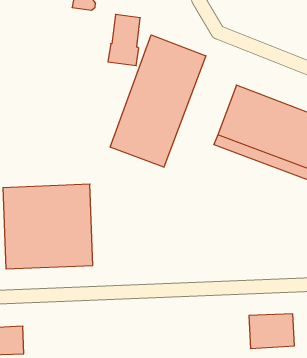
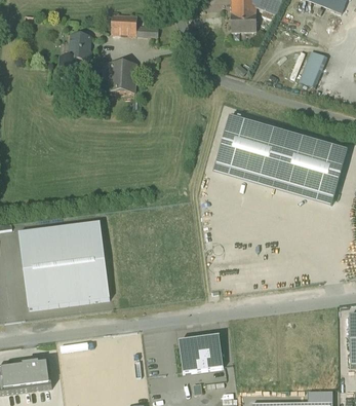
building: [110,35,206,167] -> none
building: [249,314,294,349] -> [179,335,224,371]

